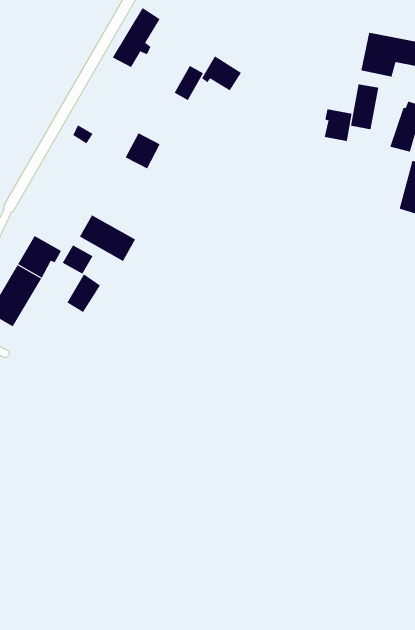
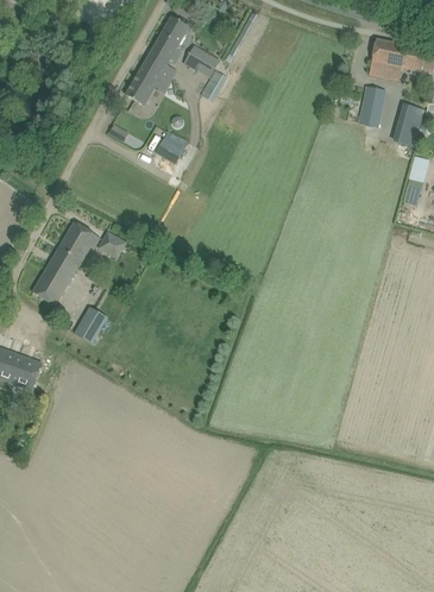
building: [201,56,242,91] -> [182,44,219,76]
building: none -> [126,61,162,105]
building: [324,108,352,142] -> none
building: [79,214,136,262] -> none
building: [66,273,101,313] -> [75,306,106,341]

